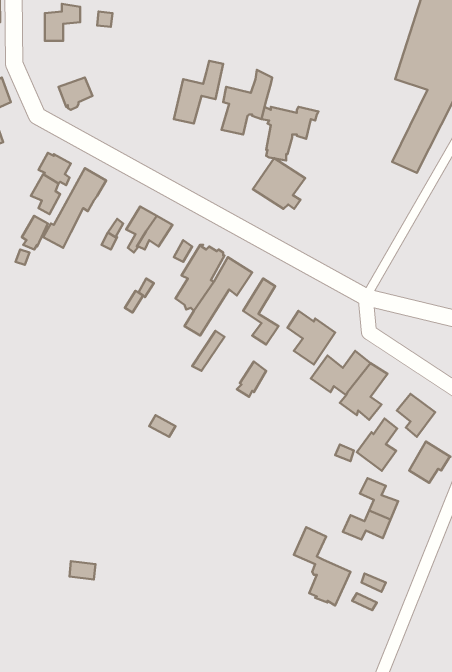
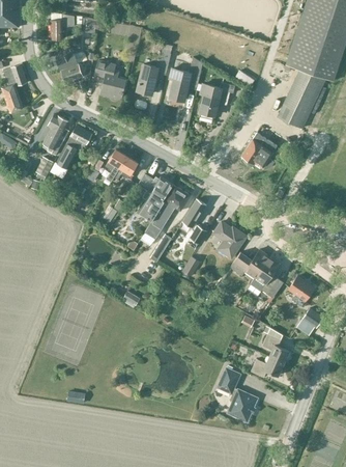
building: none -> [55,48,86,70]
building: none -> [93,62,123,100]
building: [253,158,305,209] -> [241,136,277,170]
building: [357,419,397,471] -> none

